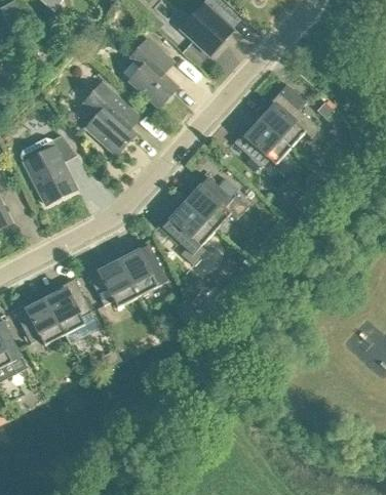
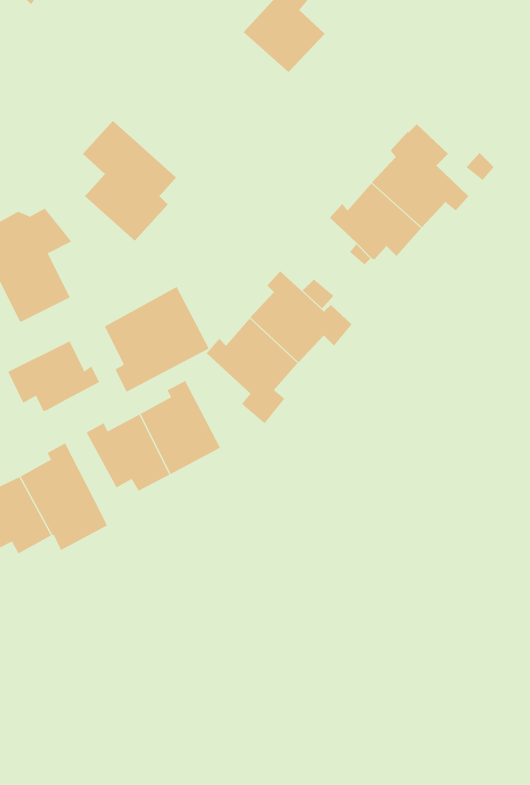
building: [128,38,177,107] -> none
building: none -> [104,286,209,392]
building: none -> [7,340,100,412]

